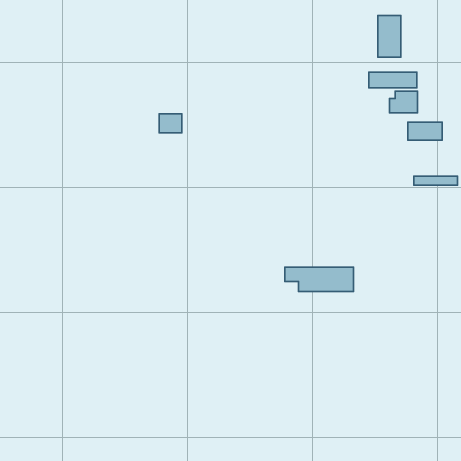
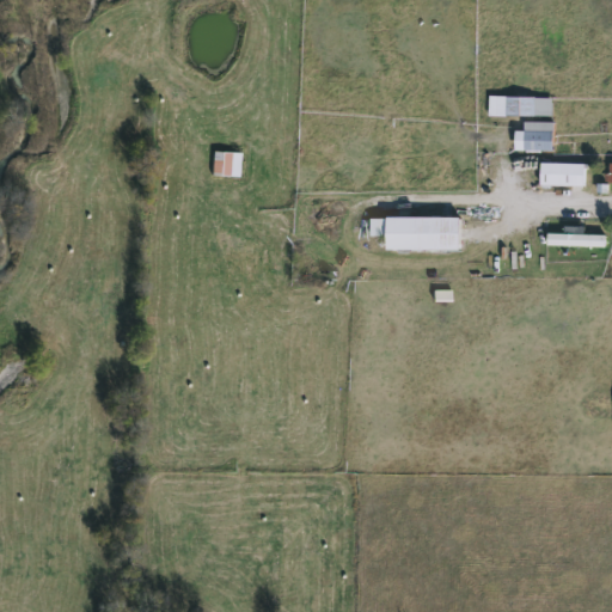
building: [378,15,401,57] -> none
building: [285,267,354,292] -> [369,216,460,249]

